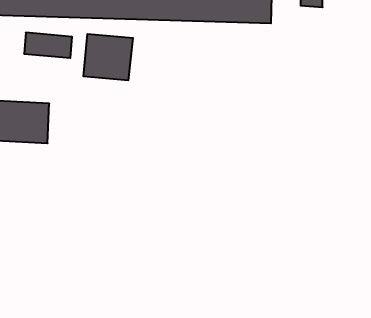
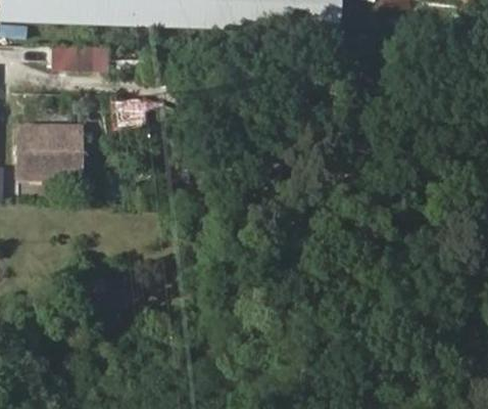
building: [83,34,133,80] -> none

